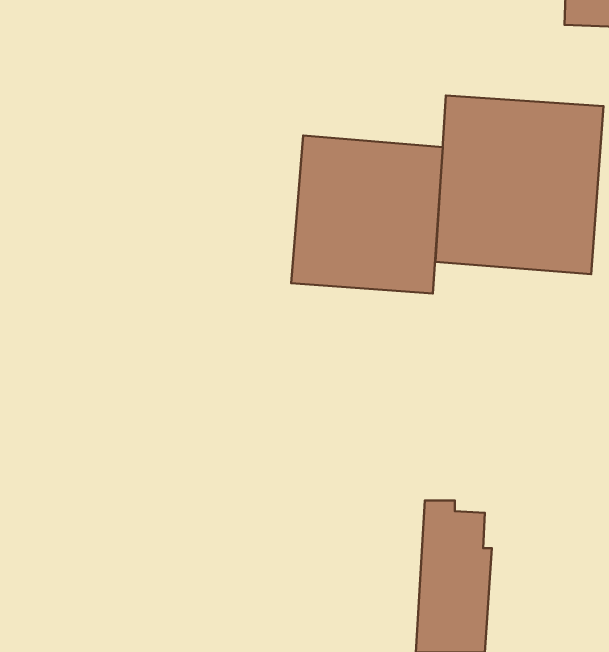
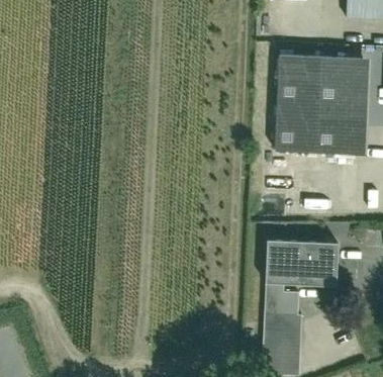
building: [291,135,443,294] -> none
building: none -> [267,246,334,288]

